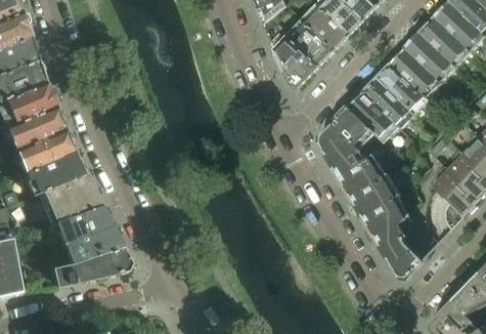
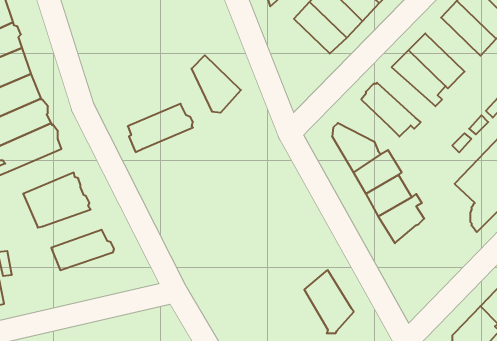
building: [405,32,455,81] -> none
building: [273,33,318,85] -> [191,55,241,113]
building: [361,77,414,123] -> none
building: [325,107,372,145] -> none
building: [26,152,85,196] -> [128,104,193,152]
building: [56,207,111,242] -> none
building: [378,220,423,278] -> [304,270,354,333]
building: [53,246,130,286] -> none

